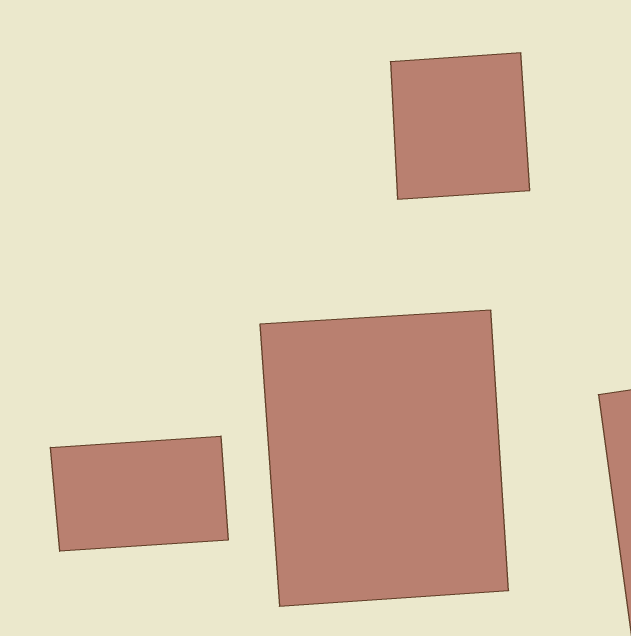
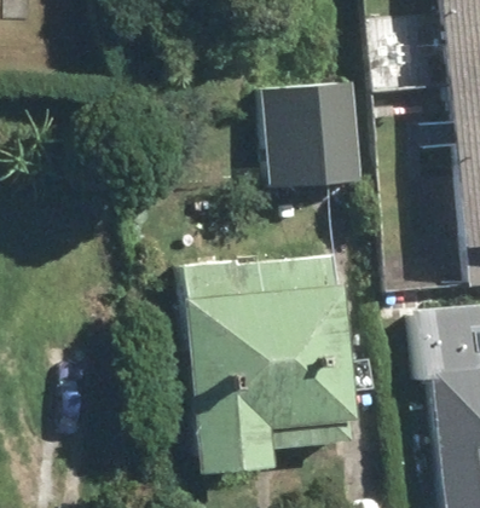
building: [50,436,228,551] -> none

